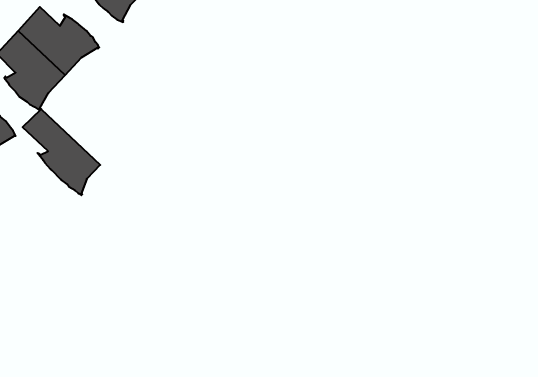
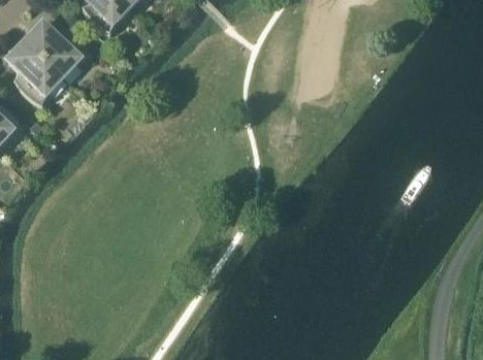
building: [23,109,100,195] -> none

